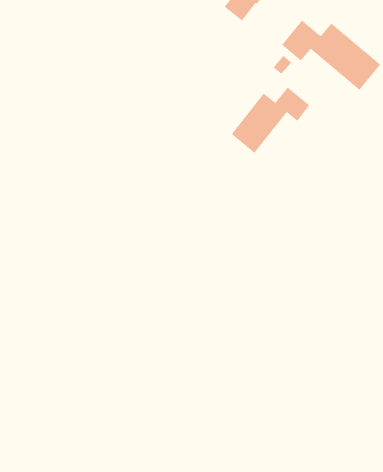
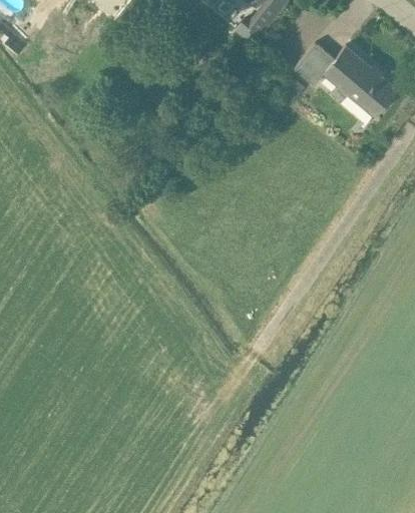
building: [231,86,310,154] -> none

